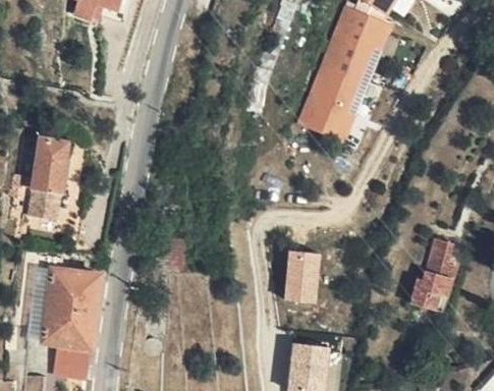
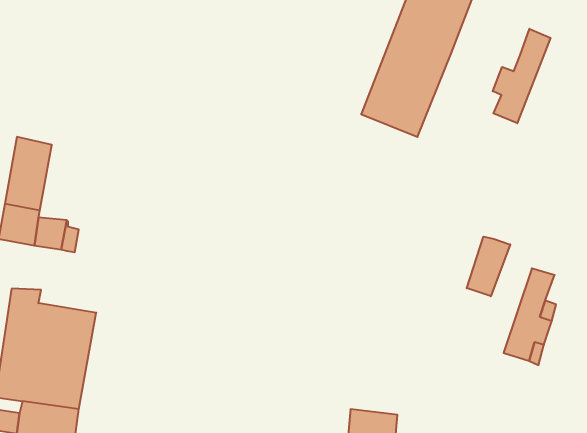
building: none -> [493,29,551,123]
building: none -> [467,237,510,296]
building: [285,255,320,304] -> none

